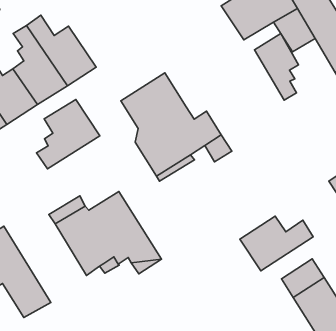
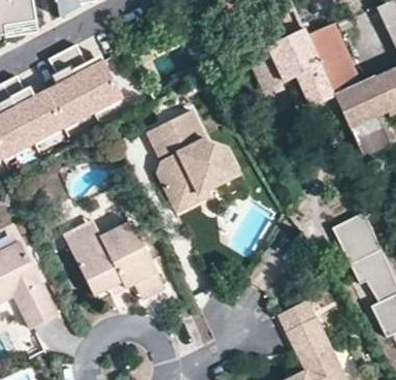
building: [254,34,298,100] -> none
building: [37,100,100,169] -> none
building: [240,216,313,271] -> none

